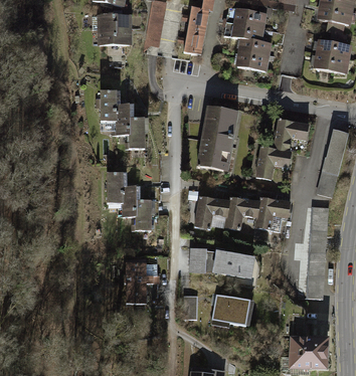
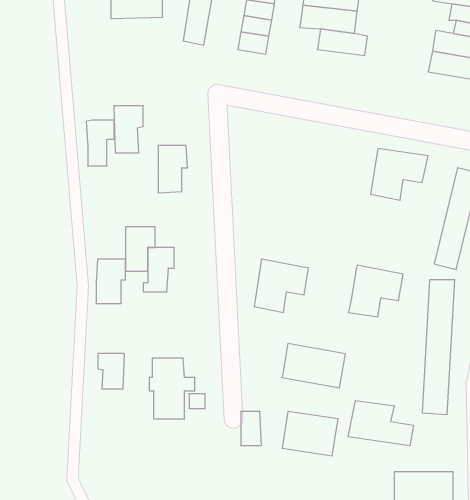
building: [96,29,132,46] -> none
building: [234,51,269,69] -> none
building: [114,104,133,135] -> [86,120,114,166]
building: [196,108,239,172] -> none
building: [255,149,294,184] -> none
building: [225,197,262,232] -> none
building: [134,200,154,230] -> [96,259,126,303]
building: [189,248,207,274] -> none
building: none -> [98,353,124,389]
building: none -> [348,400,414,446]

